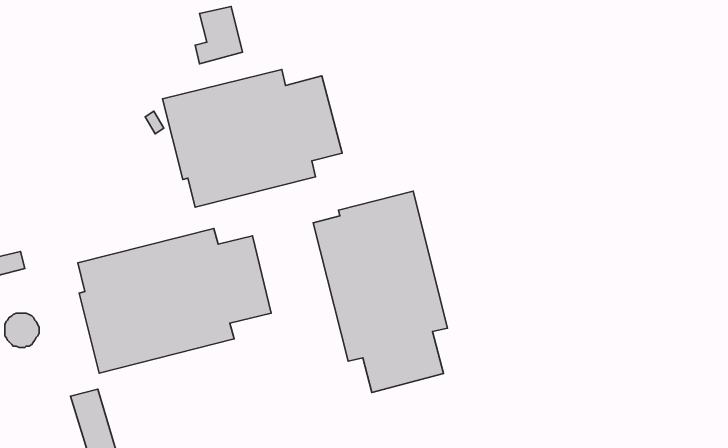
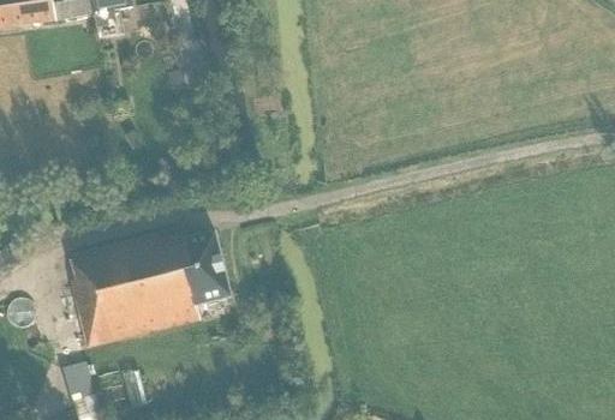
building: [163,69,342,207] -> none
building: [313,191,447,393] -> none

